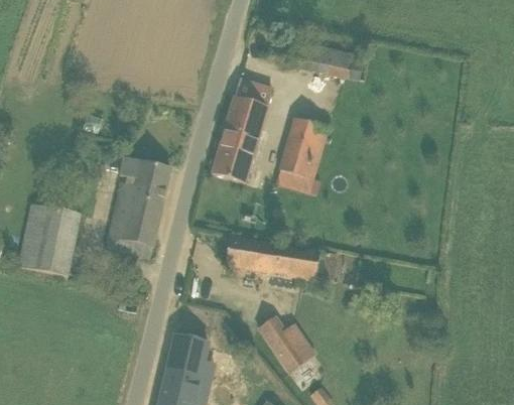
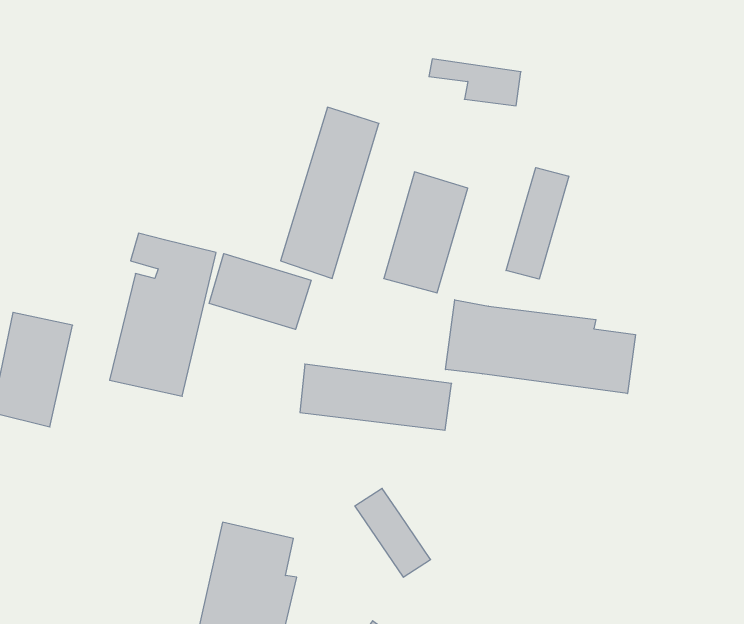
building: none -> [506,168,569,279]
building: none -> [209,254,311,329]
building: none -> [446,300,635,394]

